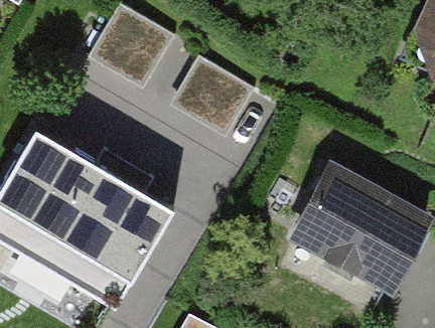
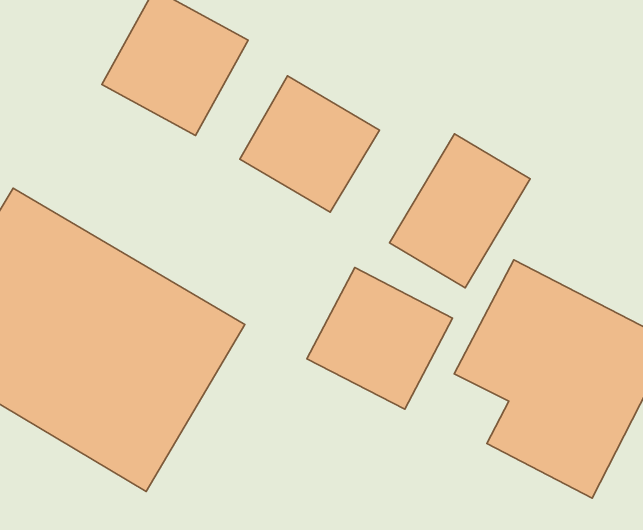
building: none -> [389,134,530,288]
building: none -> [307,268,453,409]

